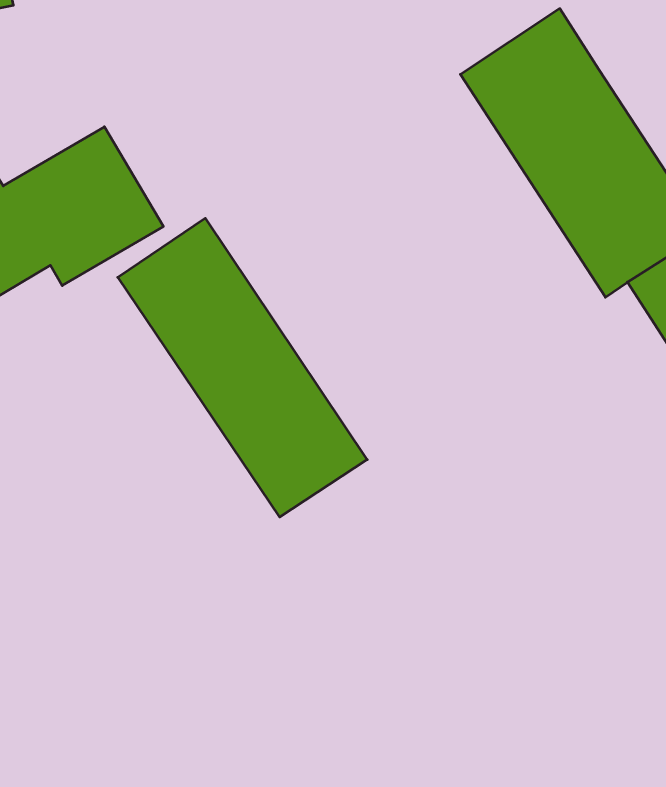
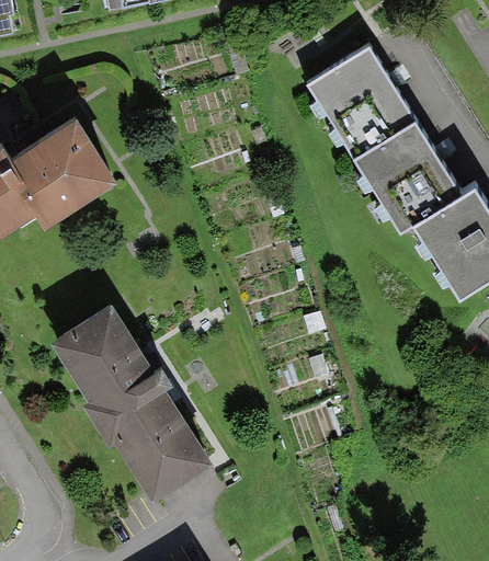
building: [118,218,367,517] -> [46,306,208,500]

